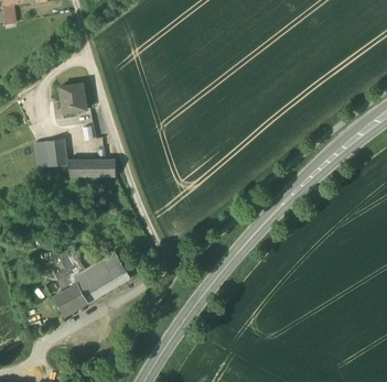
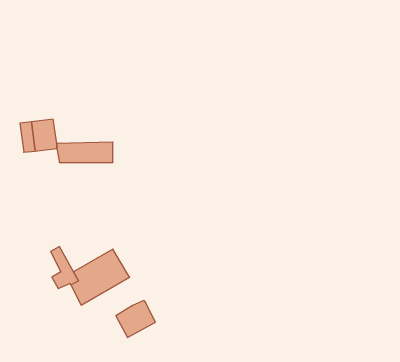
building: [58,84,85,113] -> none
building: [53,282,87,314] -> [116,300,155,337]

